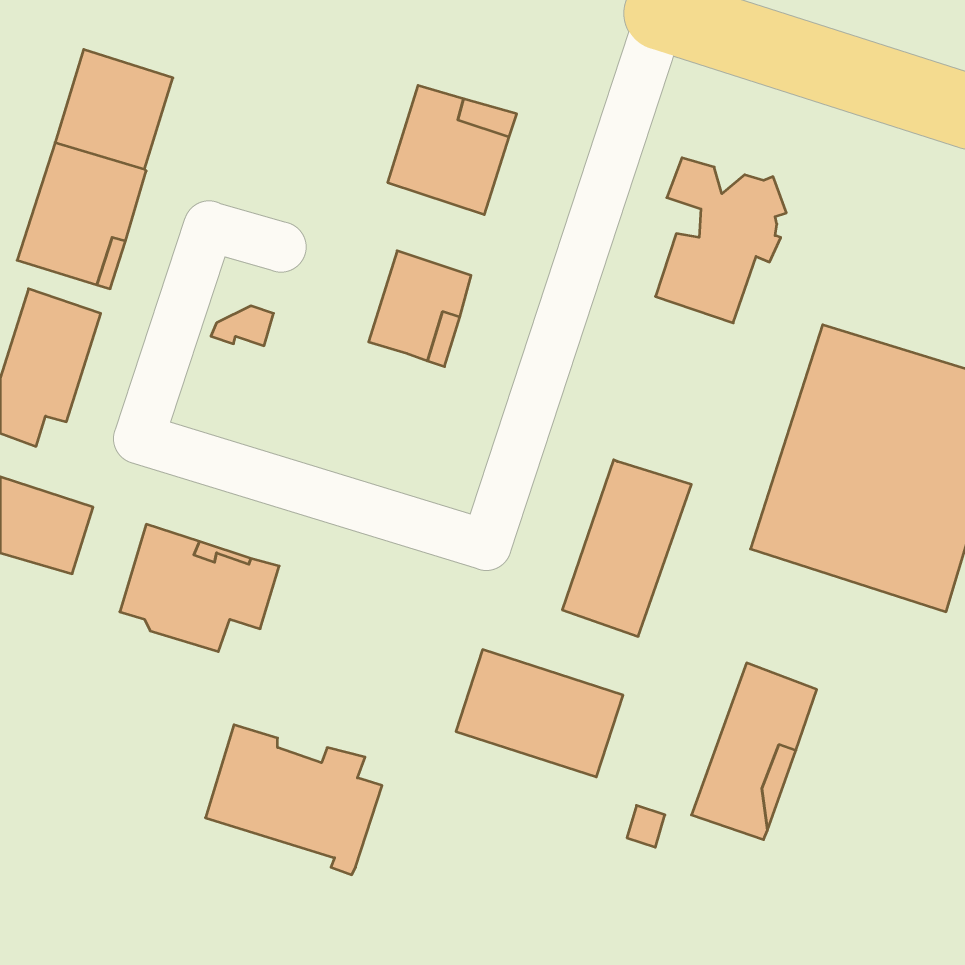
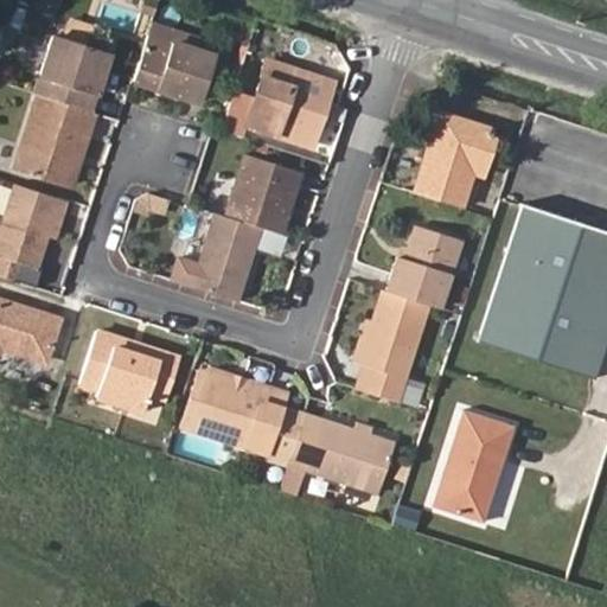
building: none -> [133,33,213,101]
building: none -> [167,210,257,296]
building: none -> [389,224,465,309]
building: [205,725,382,875] -> [194,371,305,465]

